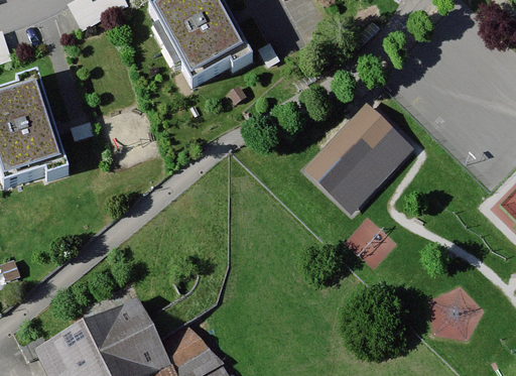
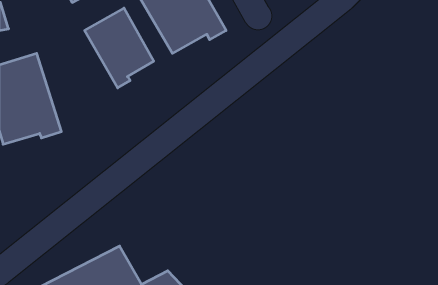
building: none -> [85,8,154,88]
building: [303,106,411,214] -> none

